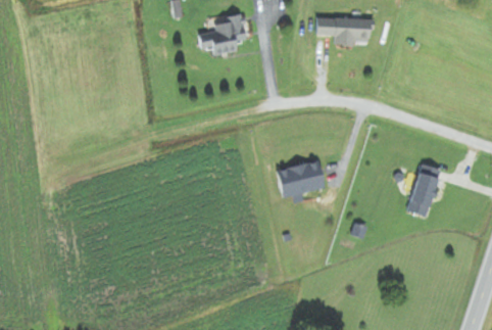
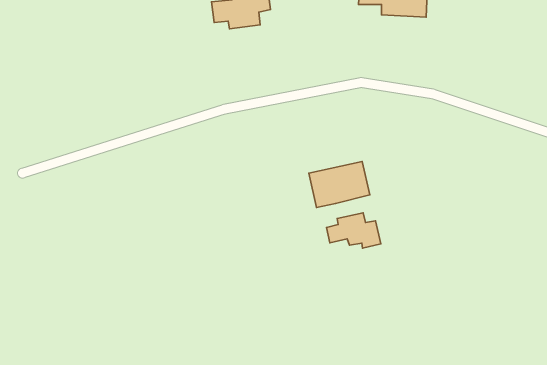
building: [407,162,440,217] -> none
building: none -> [327,213,381,248]

